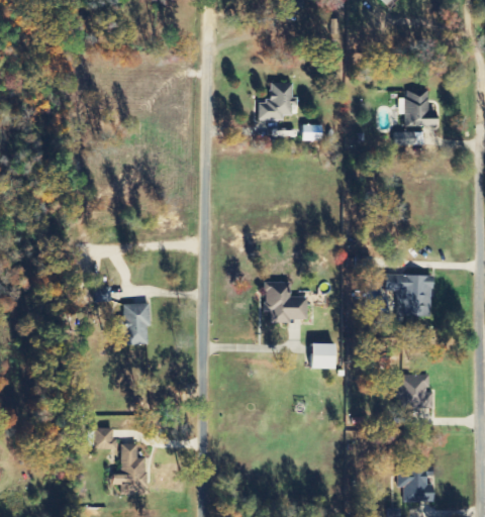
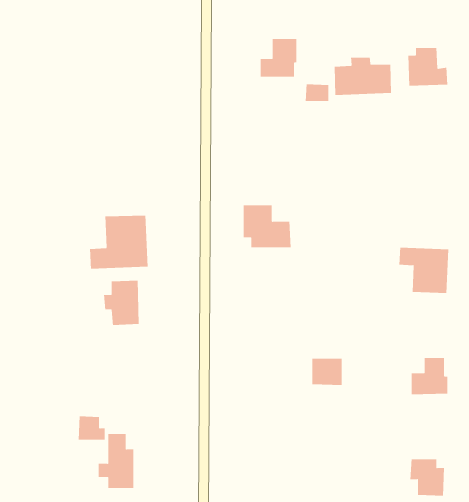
building: none -> [334,57,392,96]
building: none -> [89,215,148,270]
building: [264,282,308,321] -> [243,205,291,248]
building: [310,343,338,369] -> [311,358,342,386]

